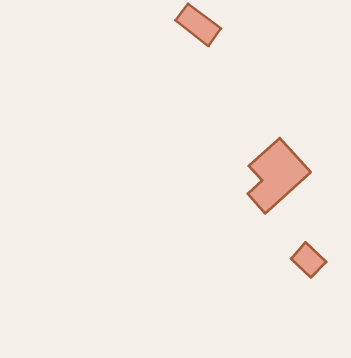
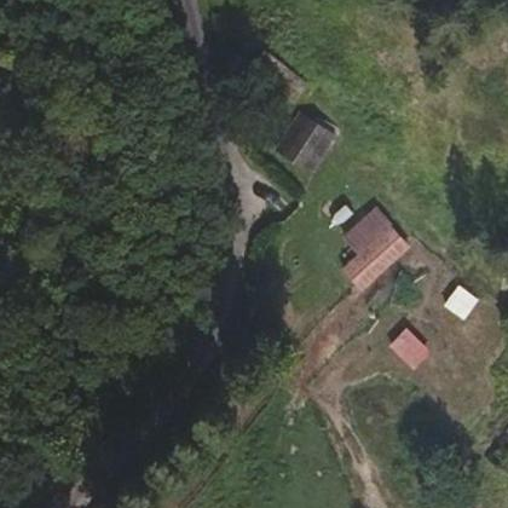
building: none -> [278,112,333,168]

